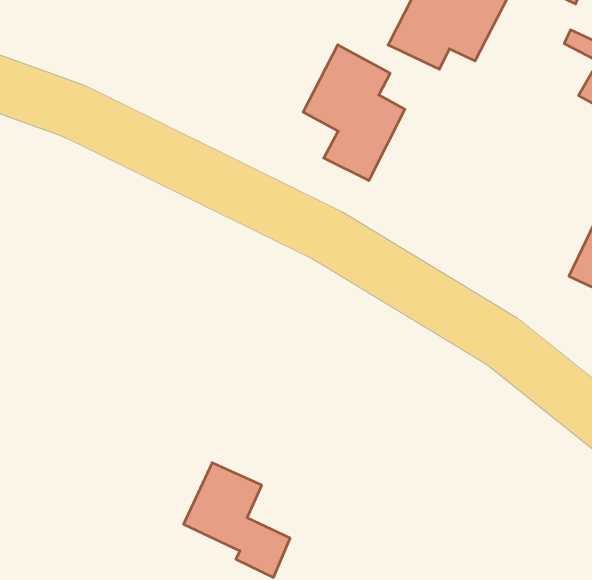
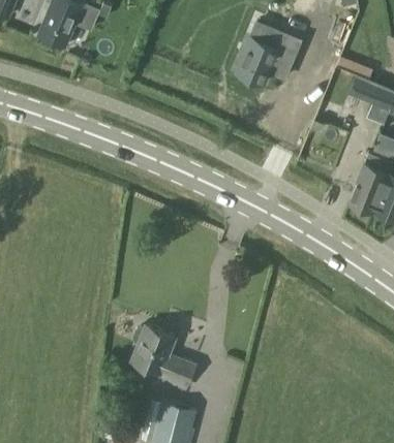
building: [303,45,405,181] -> none

